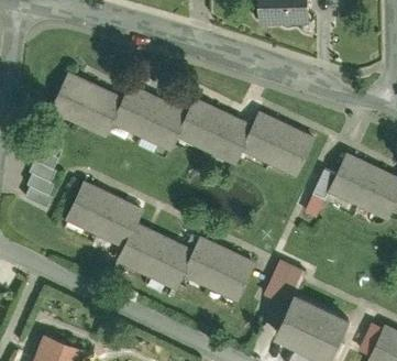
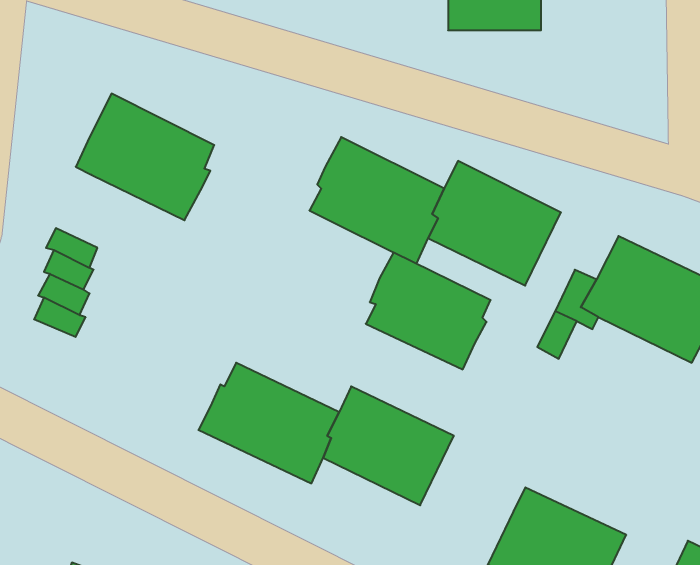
building: [117,86,186,151] -> [366,253,491,369]
building: [66,179,143,245] -> none
building: [264,259,307,304] -> none

